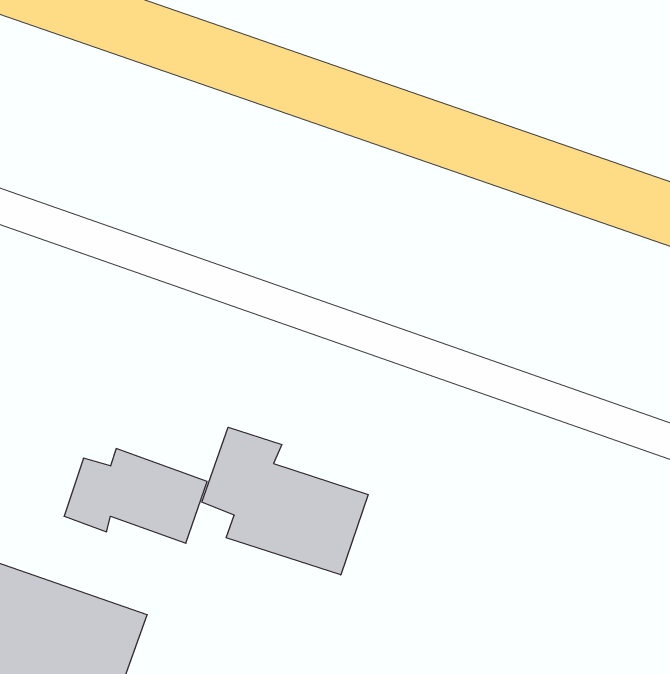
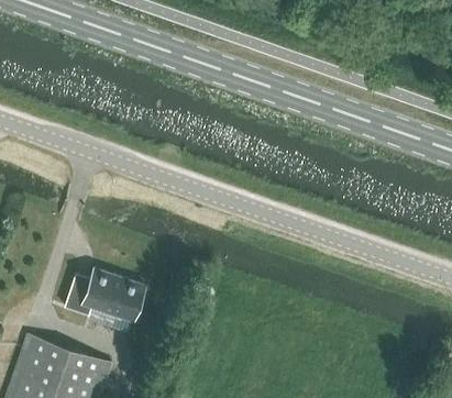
building: [202,427,368,575] -> none

